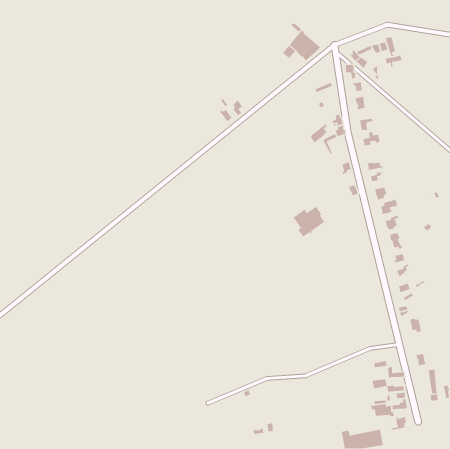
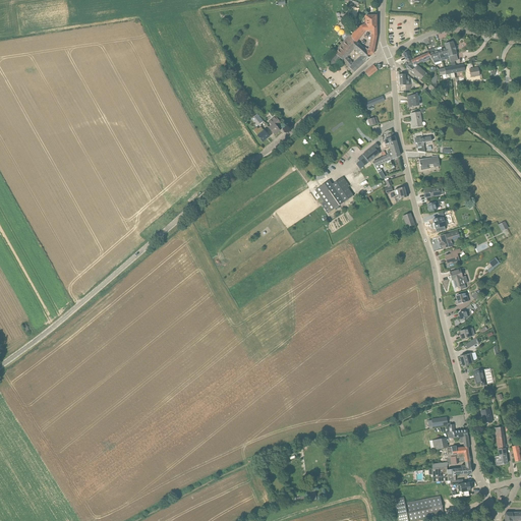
building: none -> [351,14,377,55]
building: [293,206,325,238] -> [315,176,353,213]

